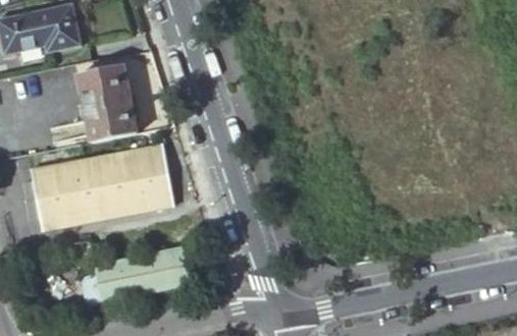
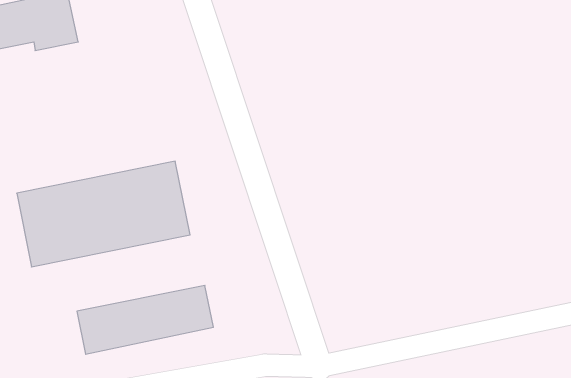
building: [76,63,136,141] -> none

